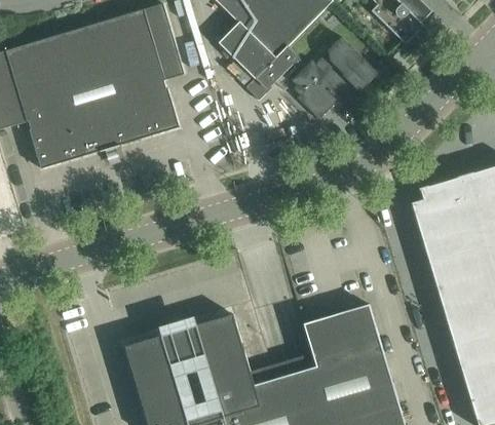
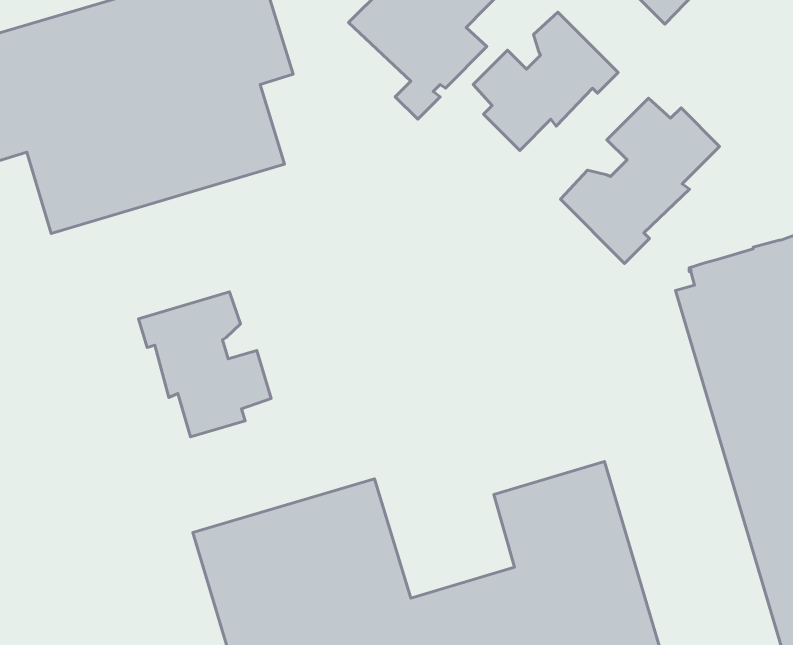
building: none -> [560,98,720,263]
building: none -> [139,292,271,437]

